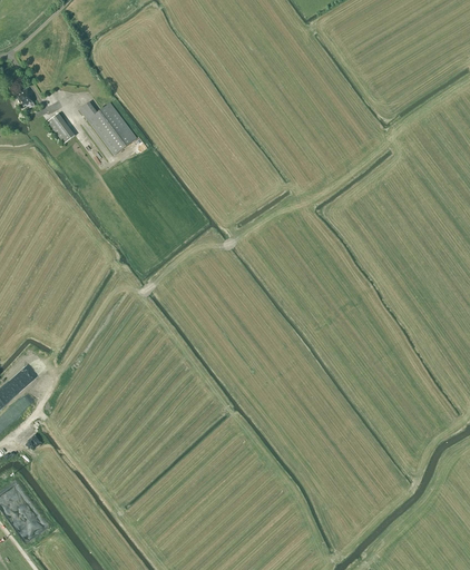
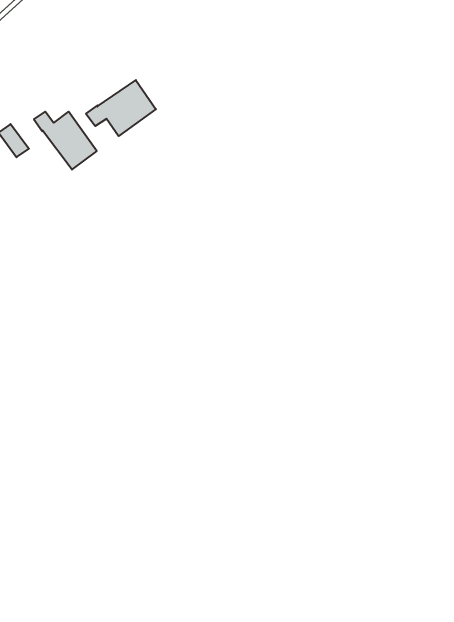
building: none -> [86,80,156,136]

